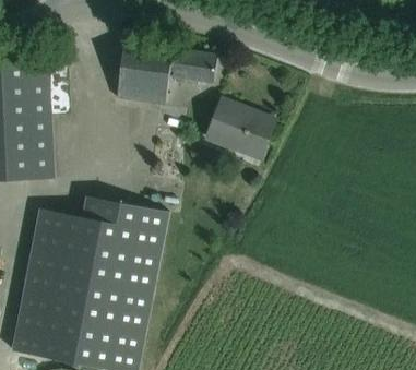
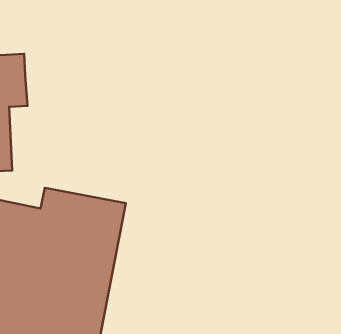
building: [115,43,215,105] -> none
building: [205,99,275,159] -> none

